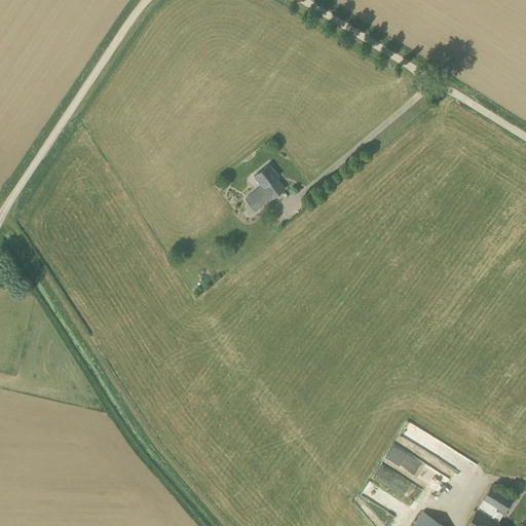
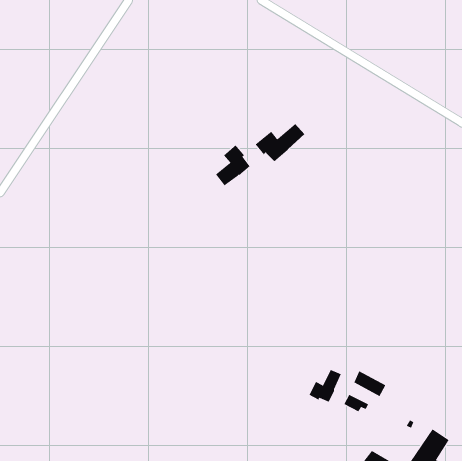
building: none -> [255,123,305,162]
building: none -> [309,369,342,402]

